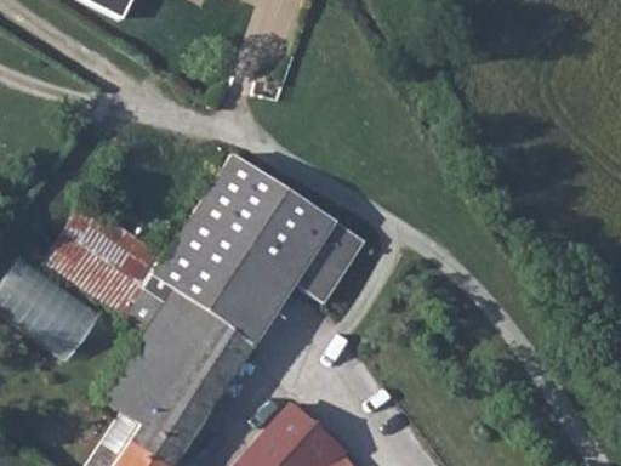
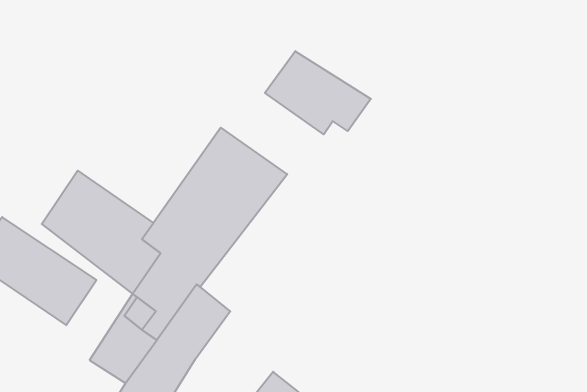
building: none -> [265,51,371,134]
building: [215,203,369,347] -> none

